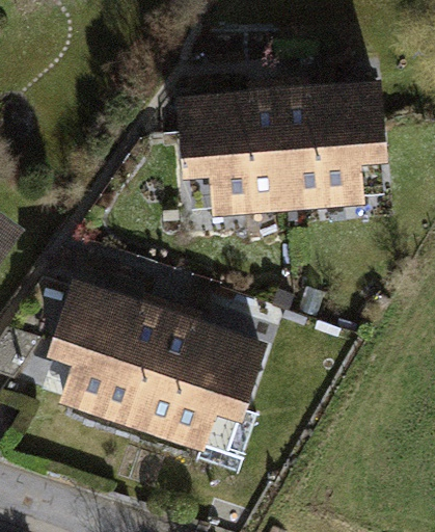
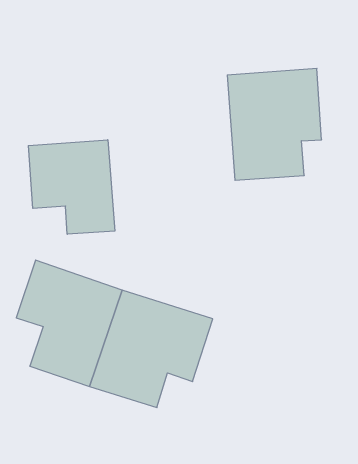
building: [181,90,287,208] -> none
building: none -> [28,140,115,234]

